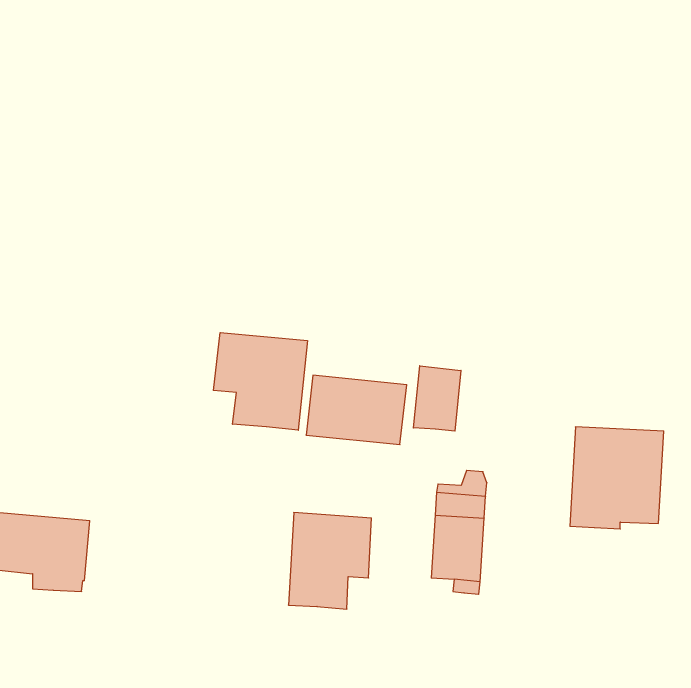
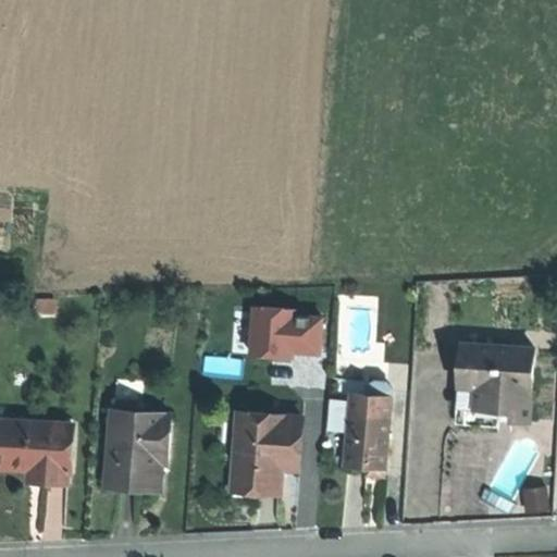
building: [213,333,307,430] -> none
building: [413,366,461,431] -> none
building: none -> [104,401,166,486]

